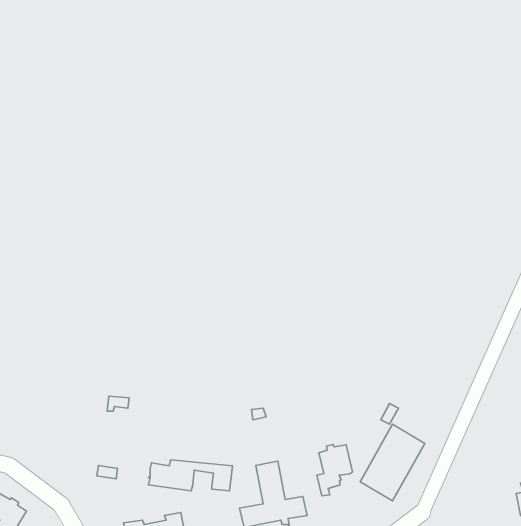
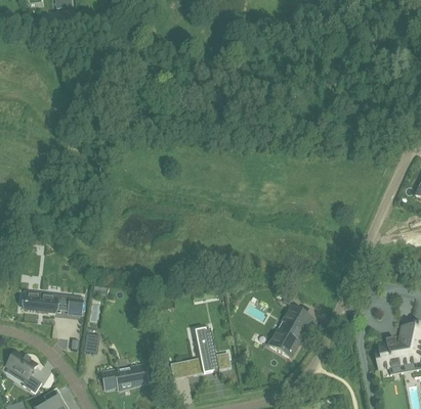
building: [317,445,353,496] -> none
building: [149,460,232,491] -> [24,291,82,313]

